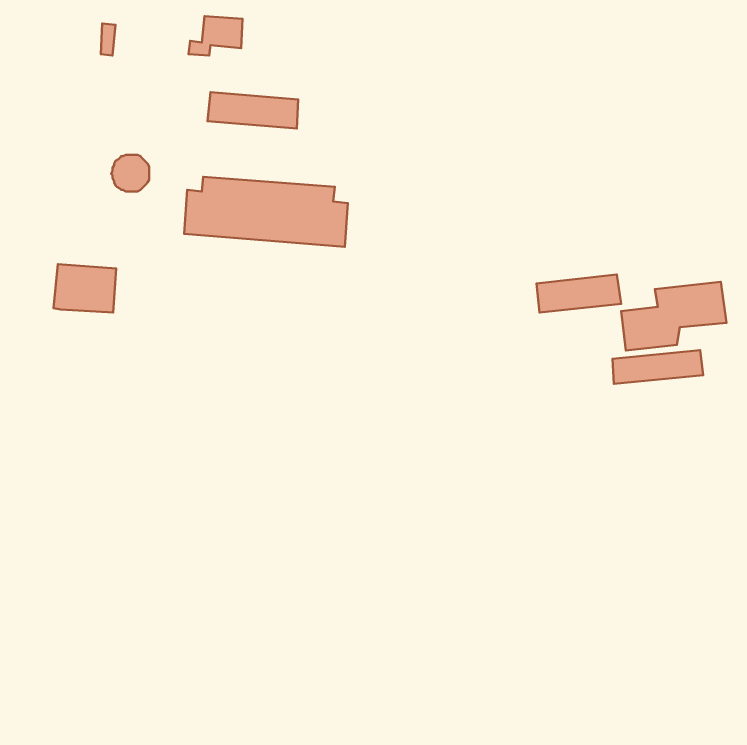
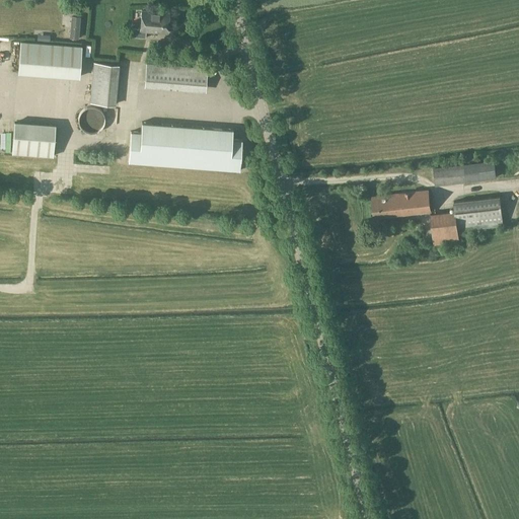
building: none -> [18,43,81,78]
building: none -> [90,64,117,106]
building: [53,264,116,312] -> [11,124,55,157]
building: [612,350,703,384] -> [434,162,497,186]

